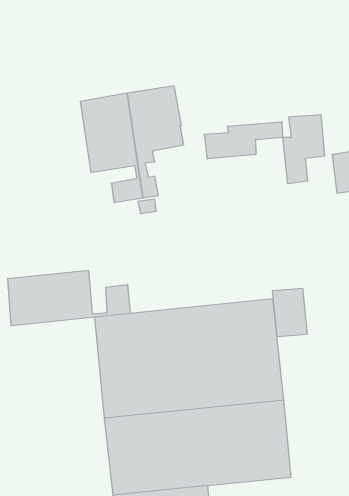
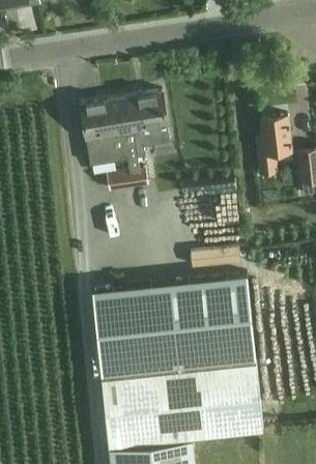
building: [205,122,283,159] -> none
building: [8,270,130,326] -> none
building: [272,288,307,337] -> none

